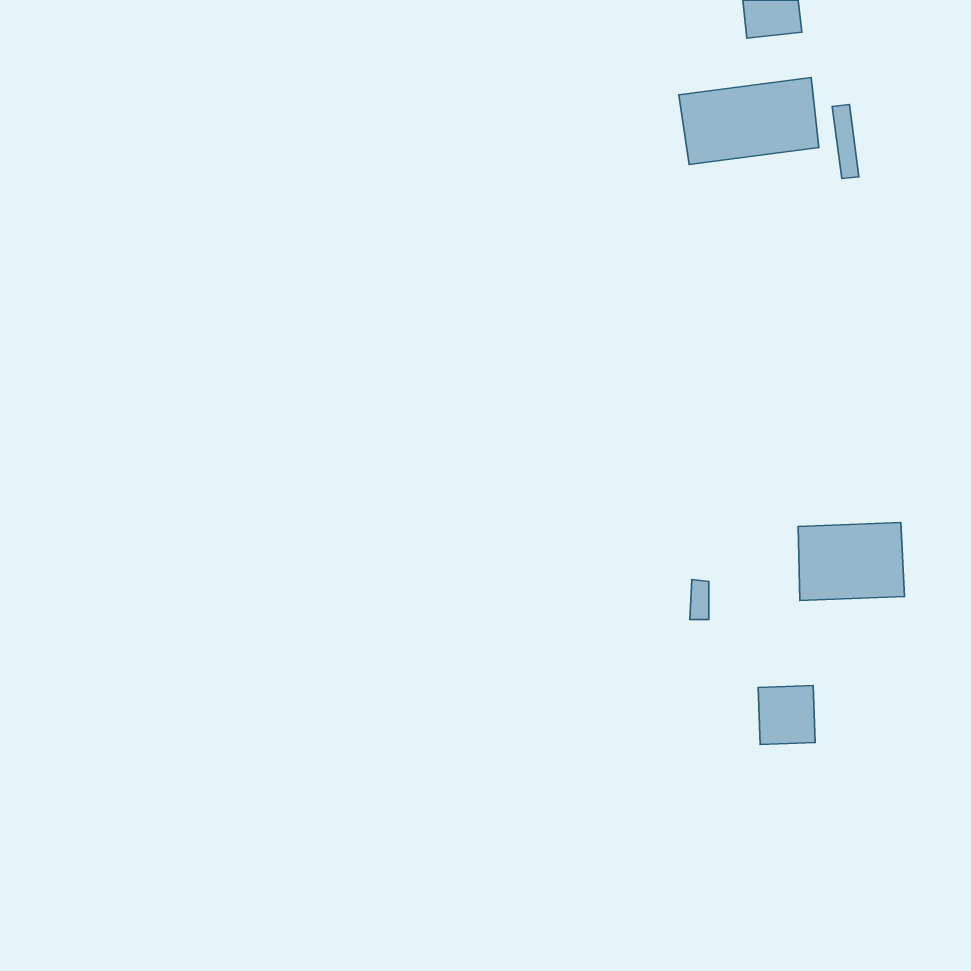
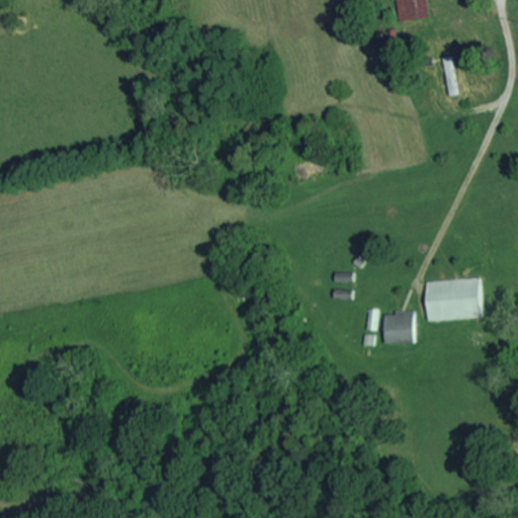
building: [679,77,819,165] -> none
building: [758,685,815,744] -> [383,312,414,343]

